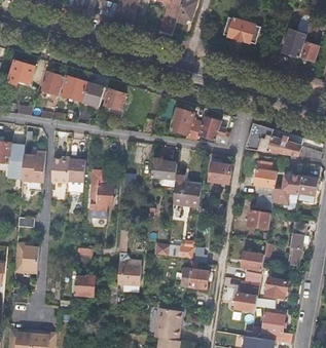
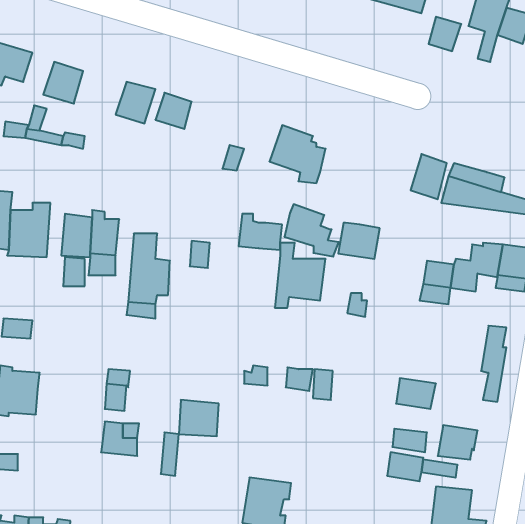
building: [62,75,87,100] -> none
building: [198,115,229,145] -> [284,204,339,257]
building: [255,160,277,186] -> none
building: [247,209,270,234] -> none
building: [181,267,209,287] -> none

